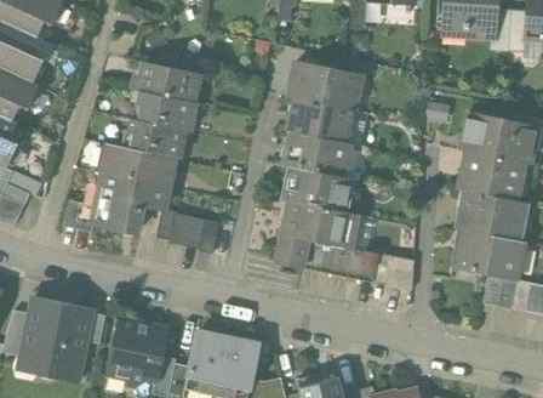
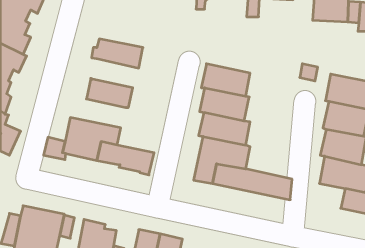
building: [288,61,361,109] -> none
building: [131,89,198,130] -> none
building: [99,142,178,187] -> none

